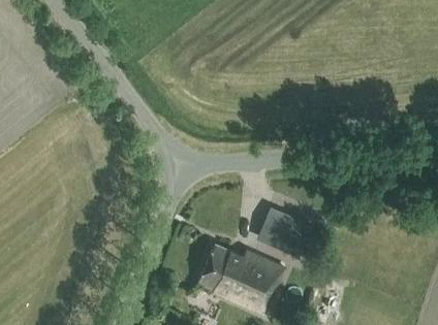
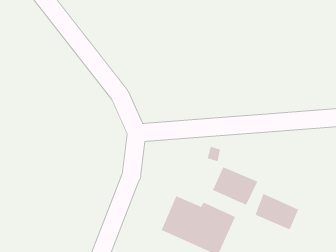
building: none -> [255,193,299,230]

